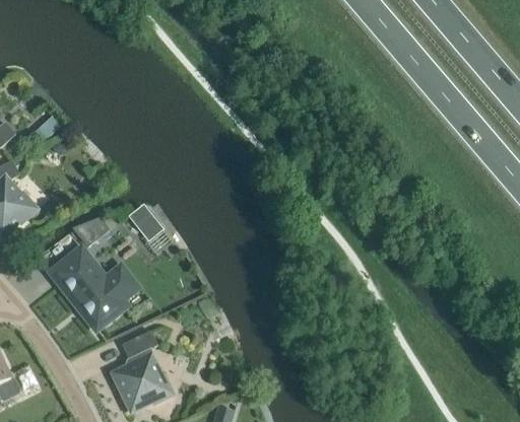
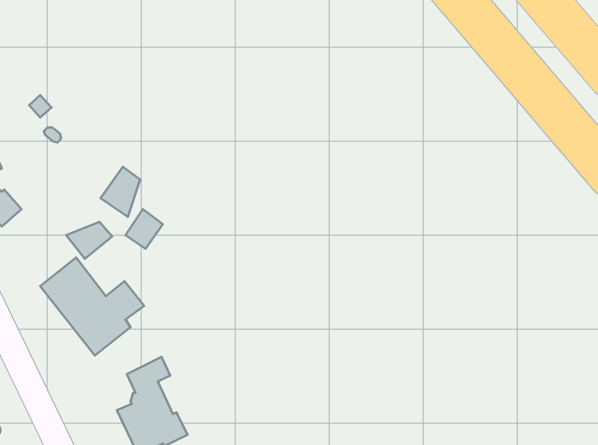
building: none -> [100,167,140,217]

